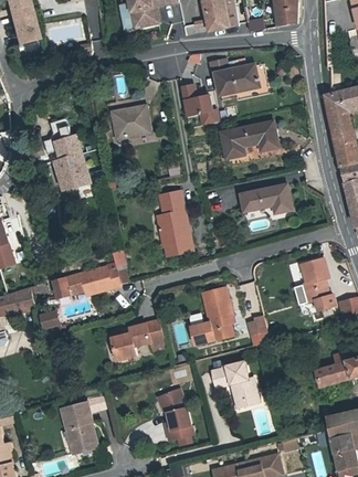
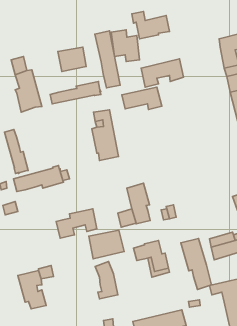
building: none -> [95,31,120,88]
building: none -> [50,81,101,104]
building: [240,184,293,214] -> [122,87,162,110]
building: none -> [5,130,28,174]
building: [304,258,337,311] -> none
building: none -> [89,230,124,259]
building: none -> [181,239,212,289]

